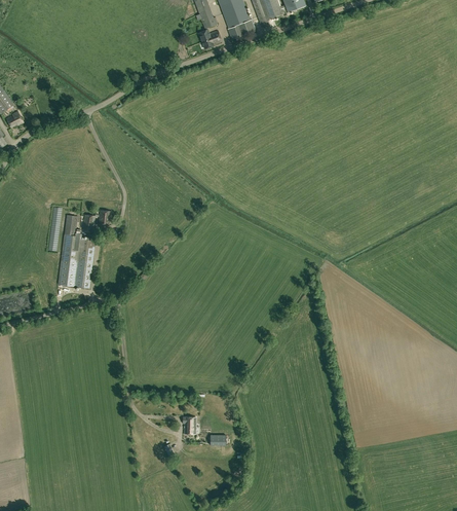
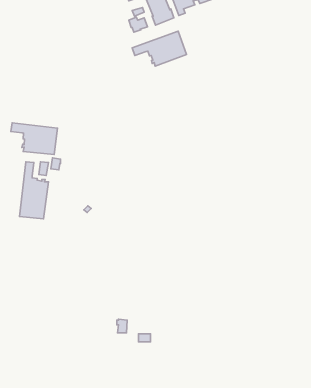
building: none -> [132,31,186,66]
building: none -> [11,123,58,155]

